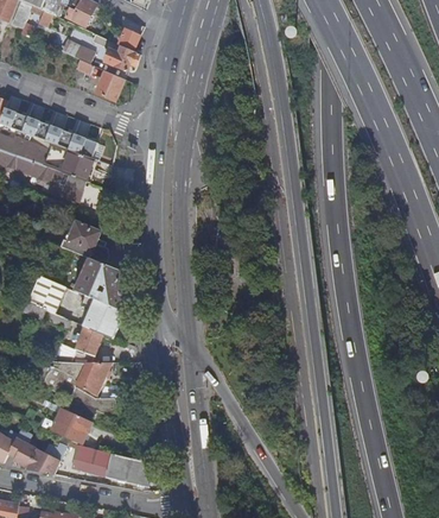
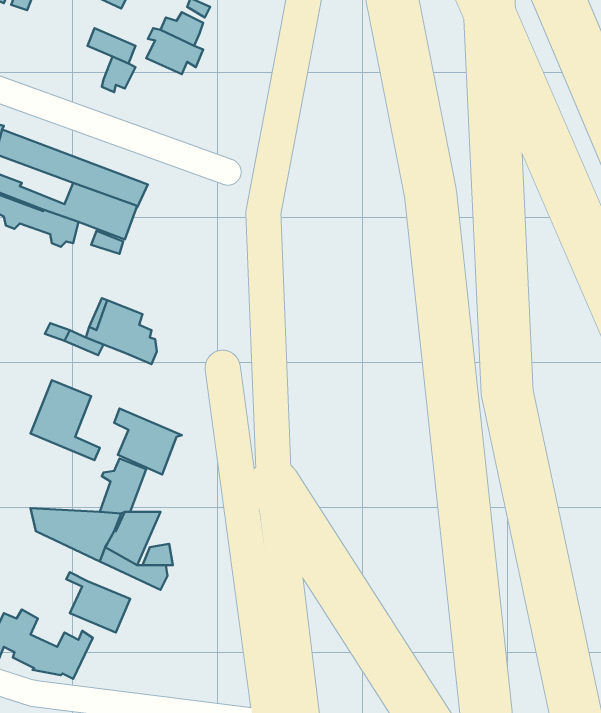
building: [95,70,125,100] -> none
building: [75,257,126,311] -> none
building: [71,444,148,486] -> none

